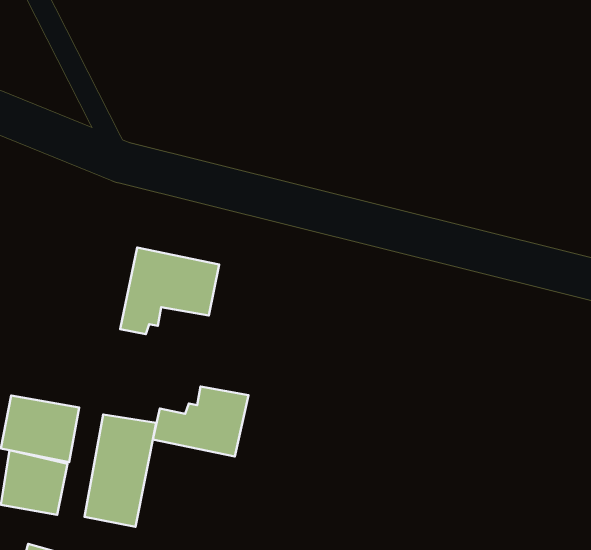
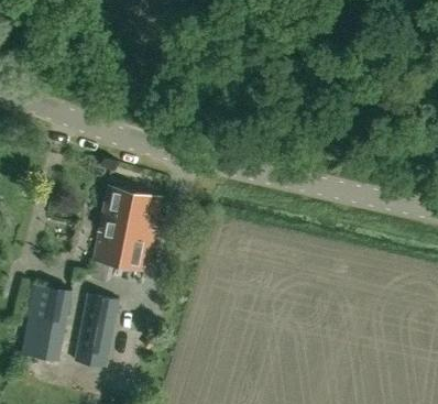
building: [153,386,248,456] -> [92,226,154,271]

